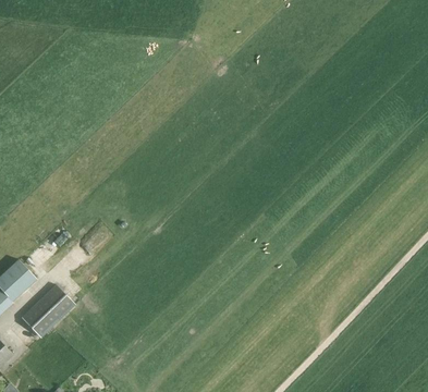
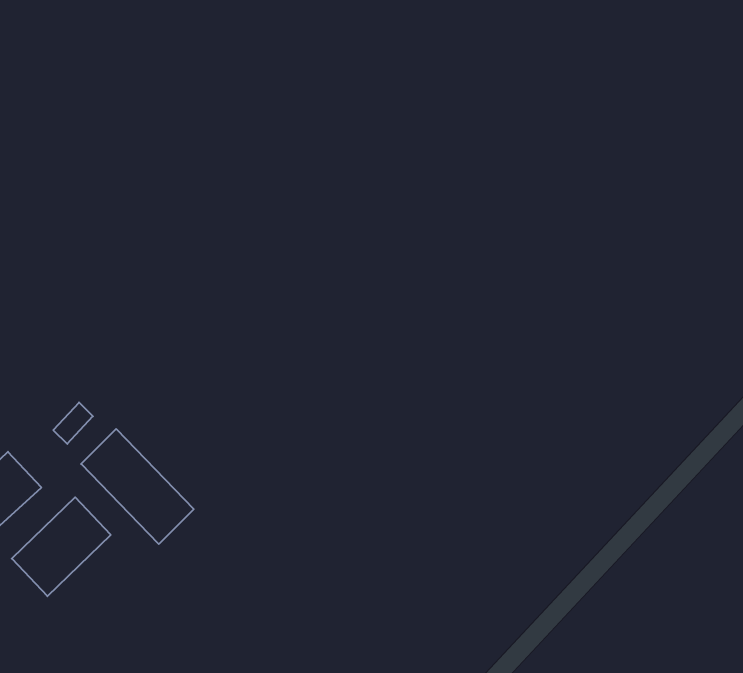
building: none -> [81,429,194,544]

